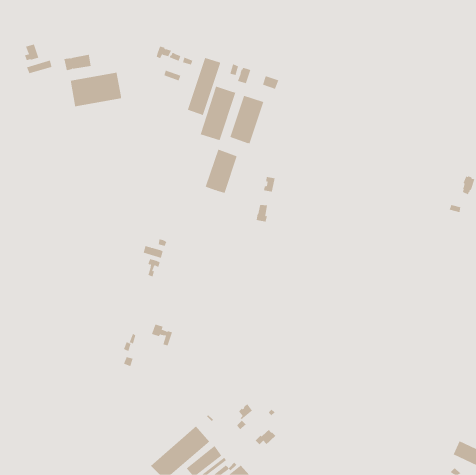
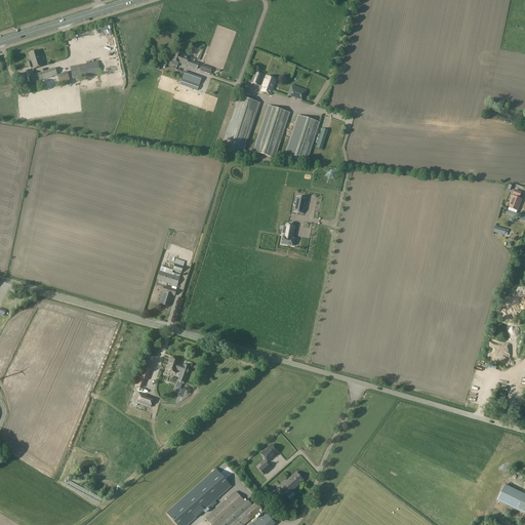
building: [187,57,221,116] -> none
building: [70,72,122,107] -> none
building: [205,149,237,194] -> [285,114,321,163]

